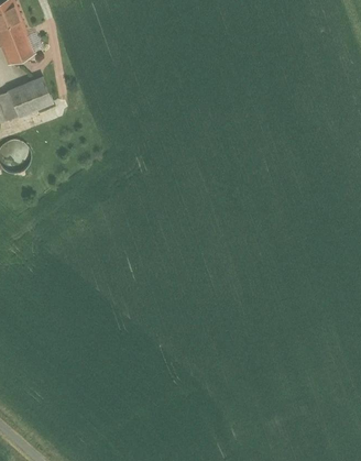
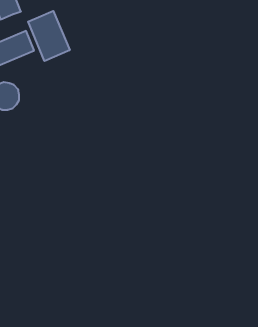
building: none -> [28,11,70,61]

